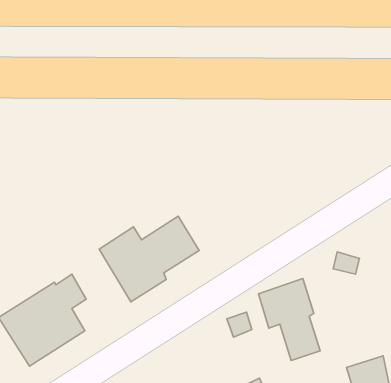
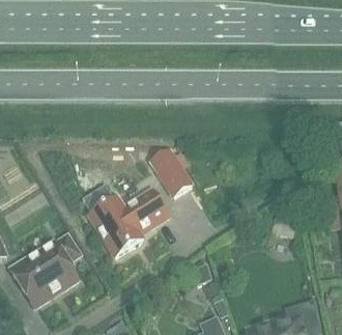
building: none -> [150,148,191,195]
building: [259,279,320,361] -> none

